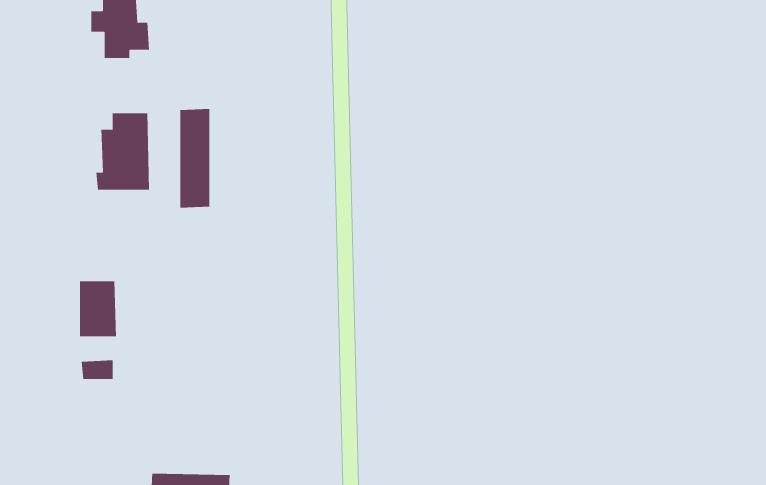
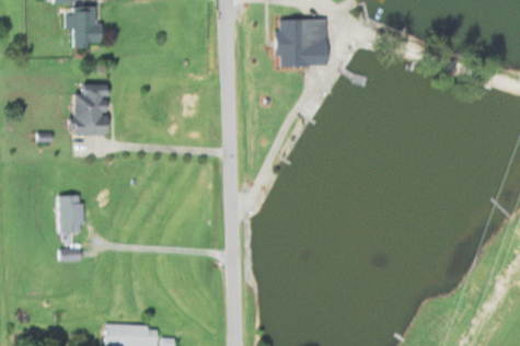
building: none -> [274,19,327,66]
building: [180,108,210,209] -> none

